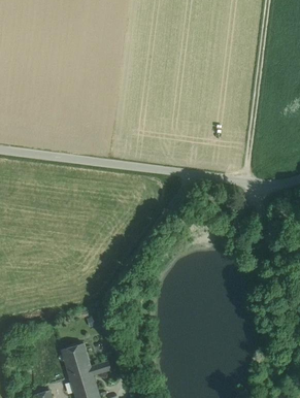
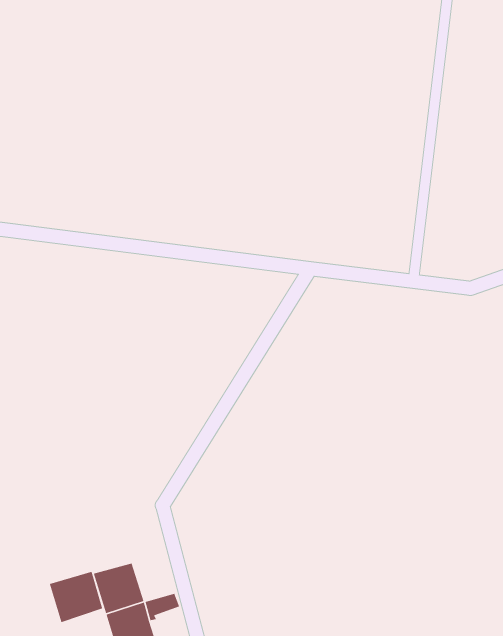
building: none -> [49,571,103,623]

